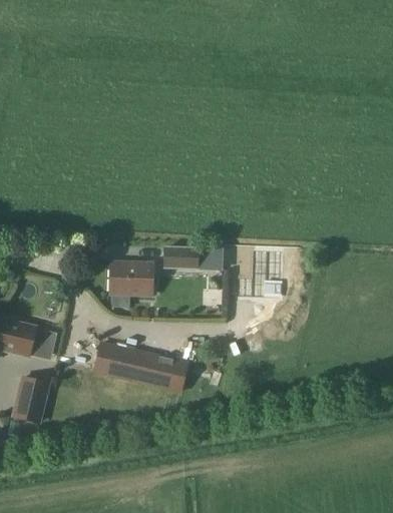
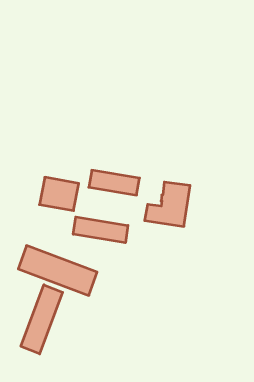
building: none -> [73,217,128,243]
building: none -> [21,285,63,354]

